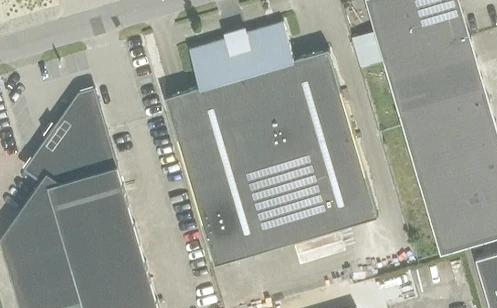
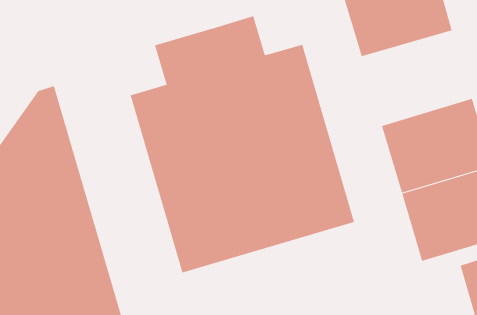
building: [383,37,488,127] -> none

